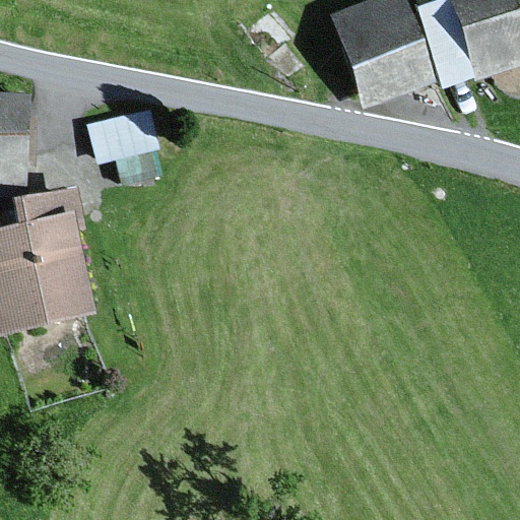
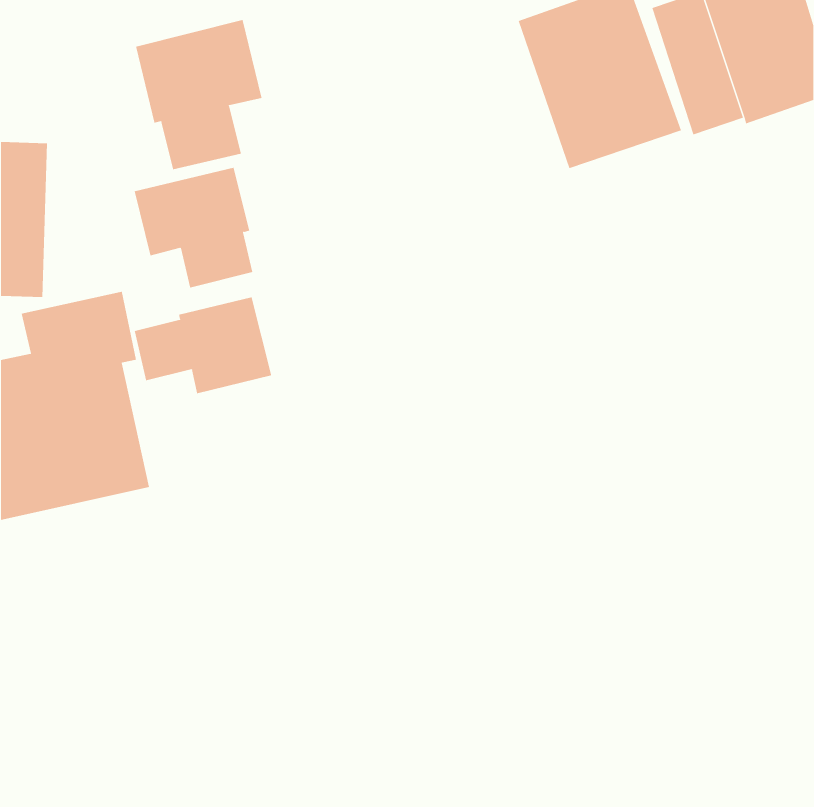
building: none -> [136,19,262,170]
building: none -> [134,297,272,394]

